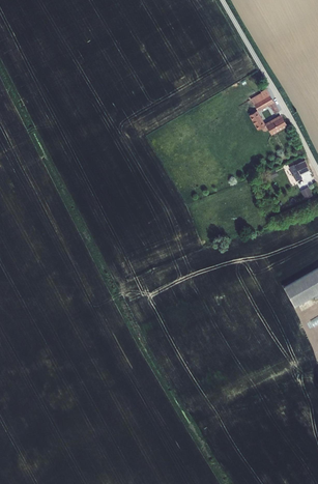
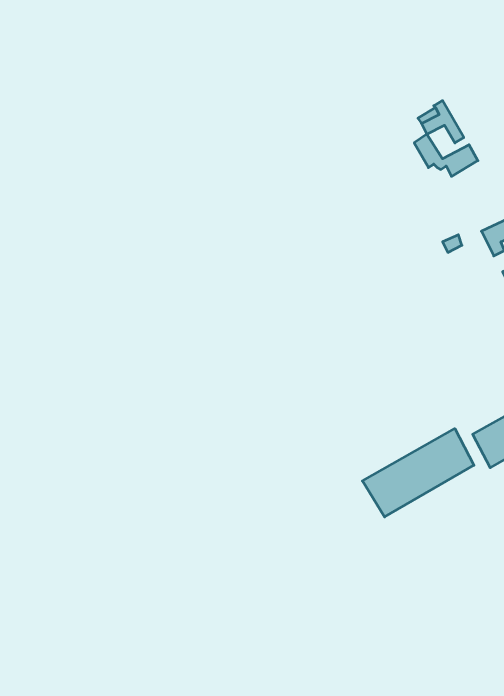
building: none -> [362,429,474,517]

